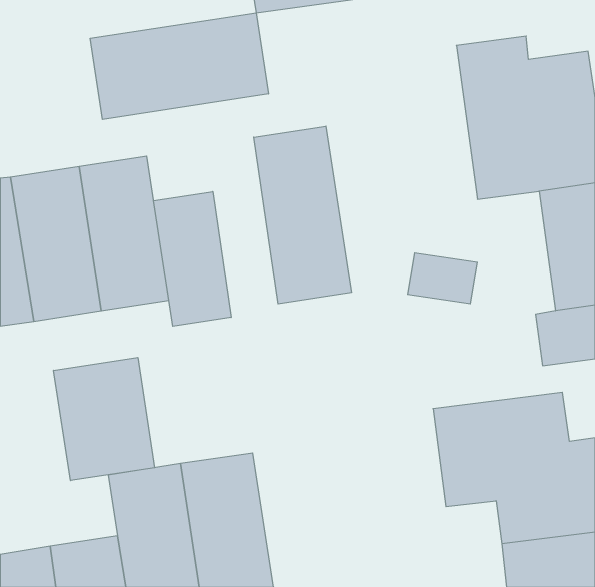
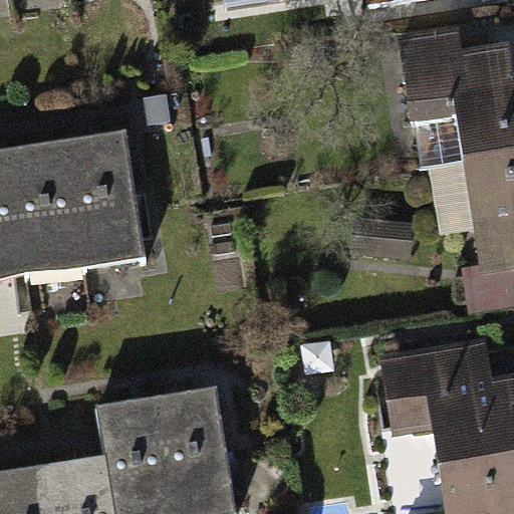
building: [90,13,268,119] -> none
building: [254,126,351,304] -> none
building: [154,191,231,326] -> none
building: [54,358,155,481] -> none

